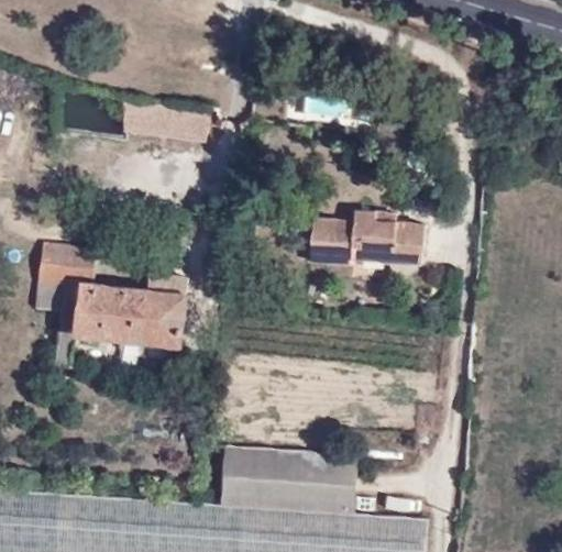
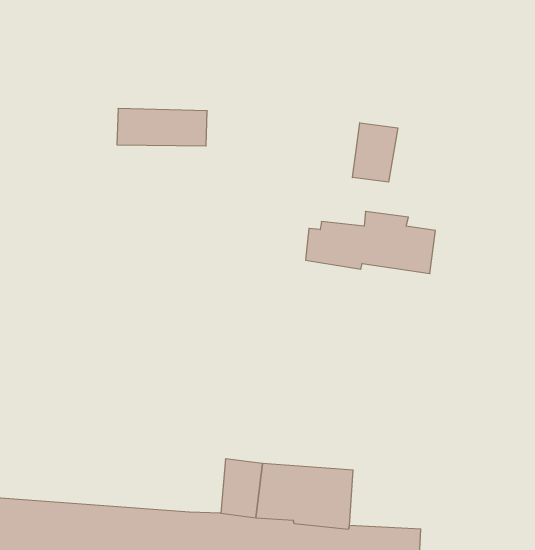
building: none -> [352,123,398,182]
building: [35,242,190,358] -> none

